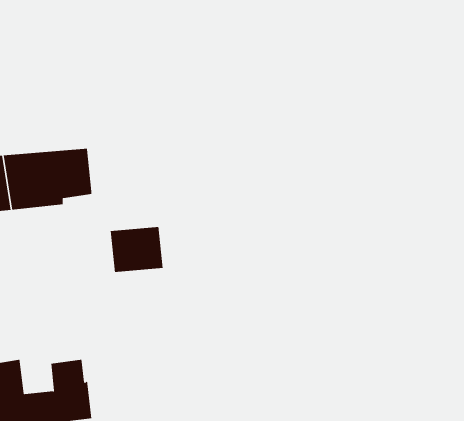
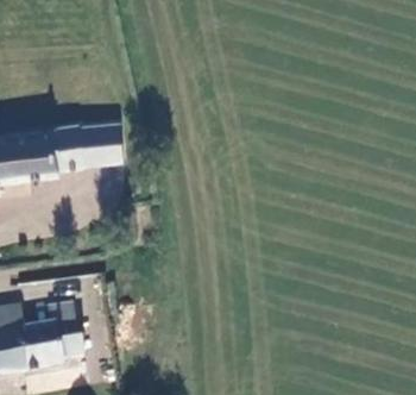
building: [110,226,163,273] -> [76,127,120,165]

